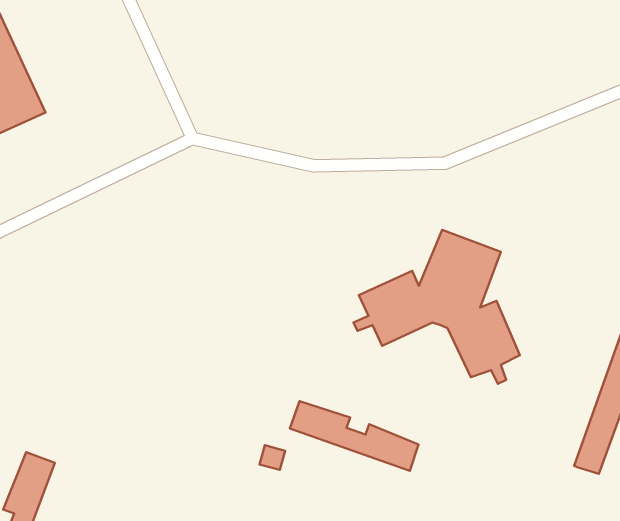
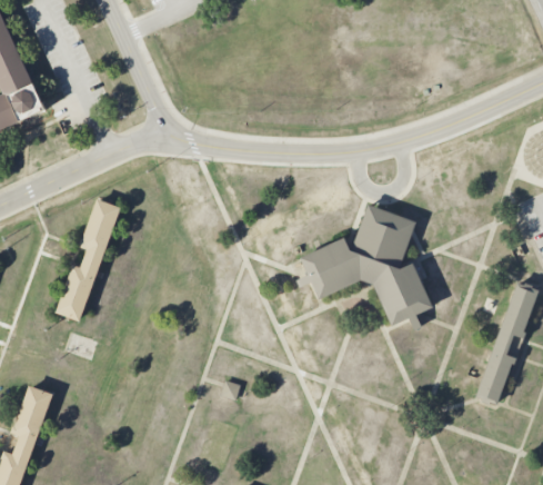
building: none -> [56,199,120,320]
building: [290,401,418,471] -> none

